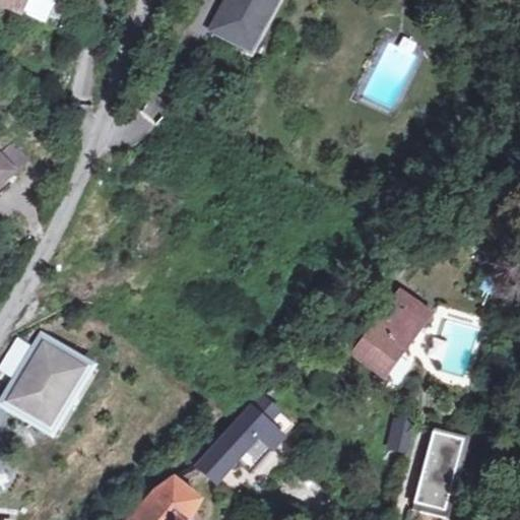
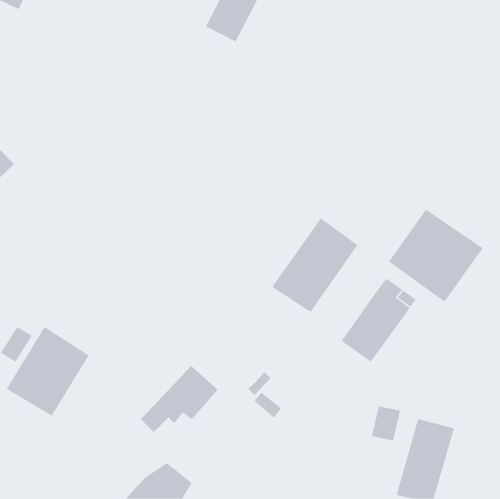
building: none -> [388,209,483,303]
building: none -> [271,218,358,313]
building: [198,408,279,478] -> [140,365,219,433]

